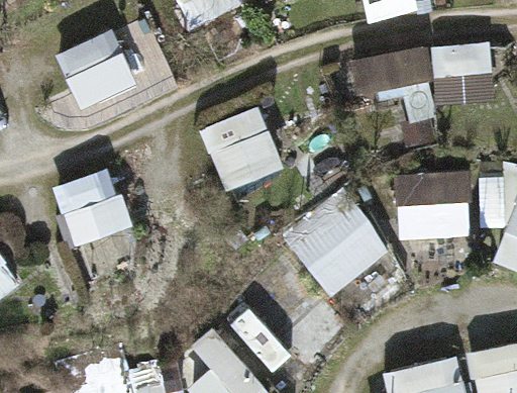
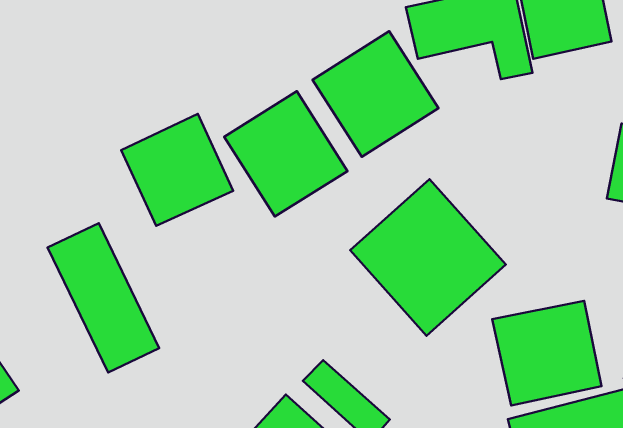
building: [57,31,134,109] -> [121,114,233,226]
building: none -> [312,31,438,157]
building: [397,176,470,244] -> [492,301,601,405]

